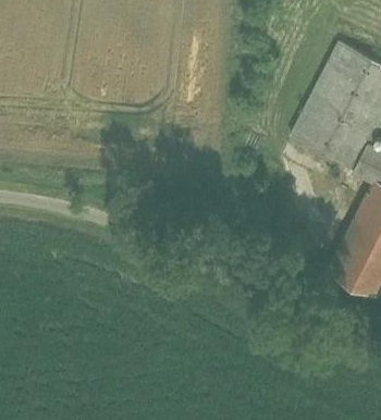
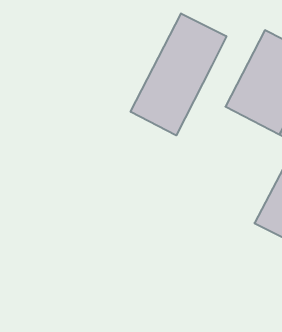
building: none -> [131,13,226,135]

